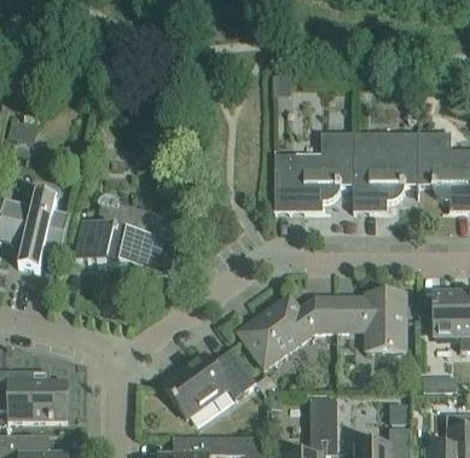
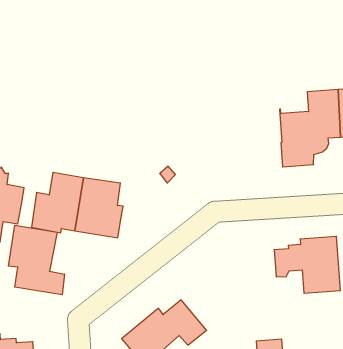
building: [274,133,355,211] -> none
building: none -> [8,225,64,295]
building: [239,295,337,367] -> none

